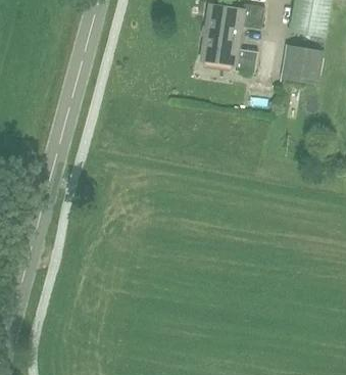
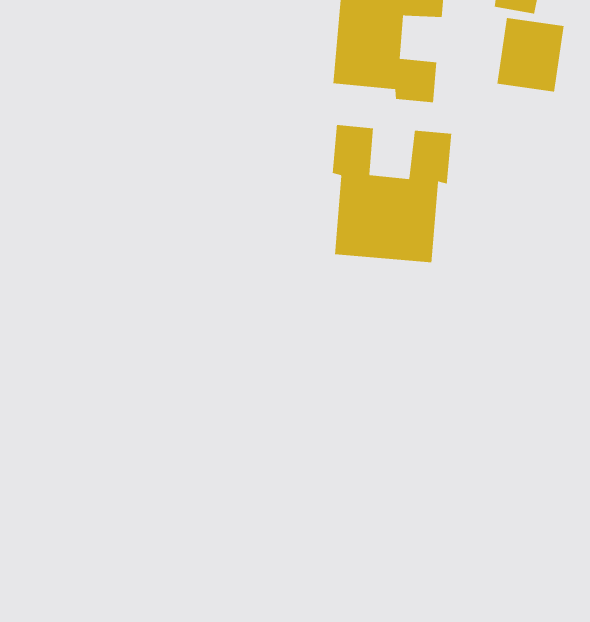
building: none -> [332,124,452,263]

